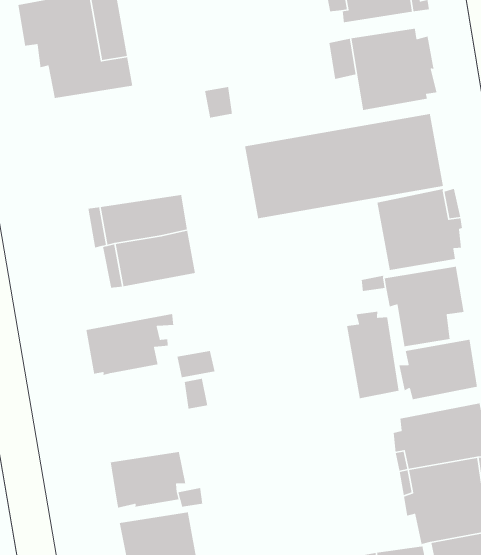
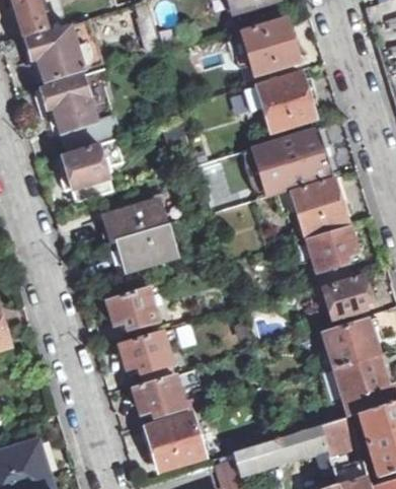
building: none -> [61,139,120,199]
building: [346,311,400,399] -> none
building: none -> [120,330,173,373]

